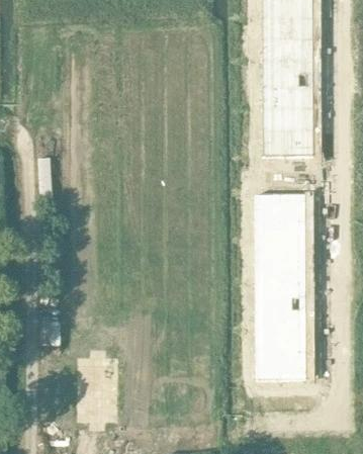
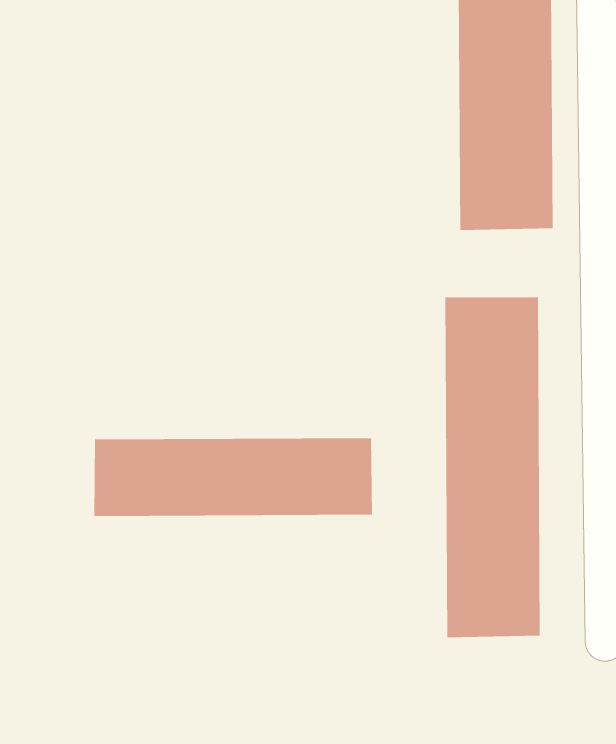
building: none -> [94,437,372,517]

